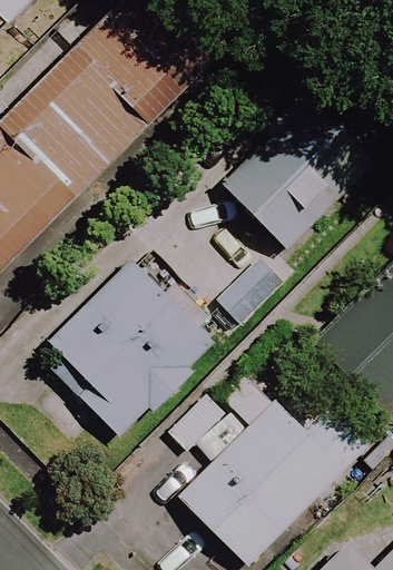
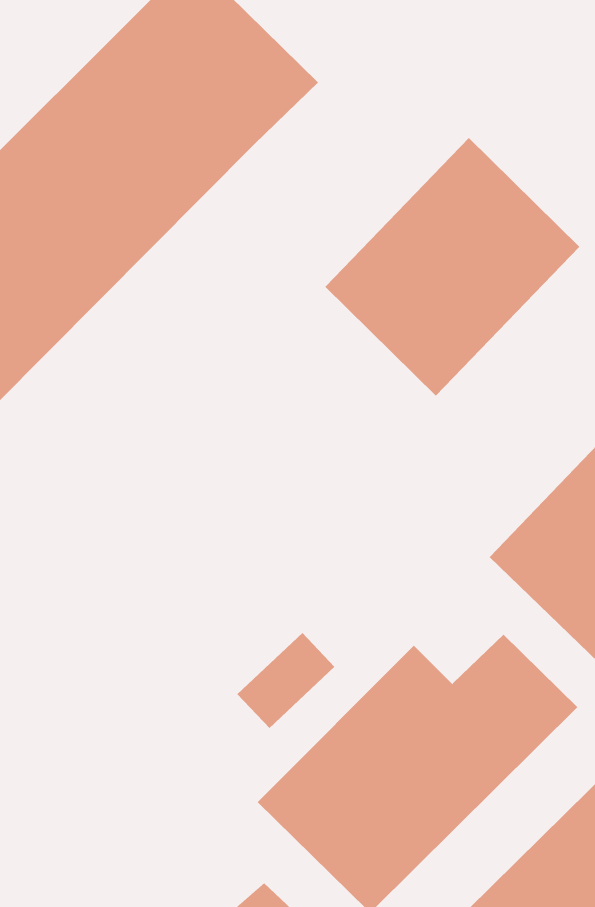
building: [49,263,215,439] -> none

